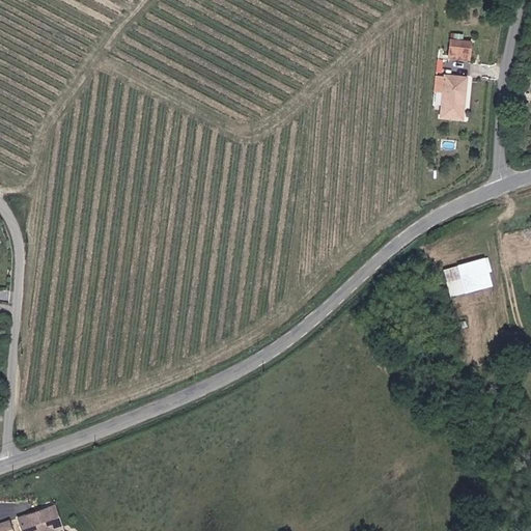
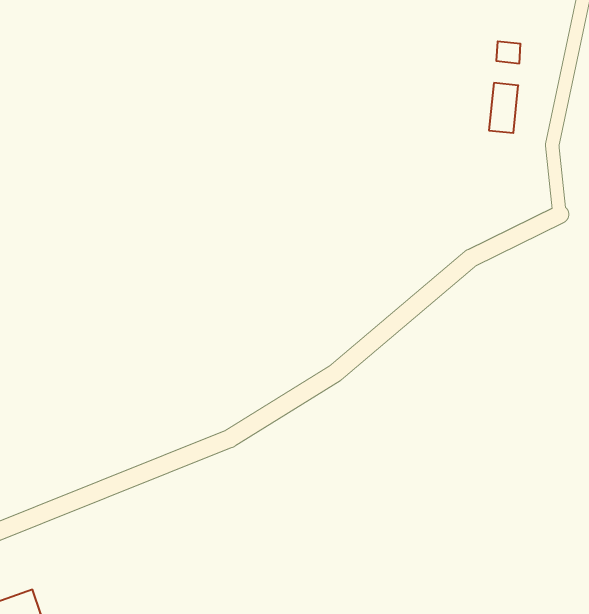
building: [444,261,490,296] -> none

